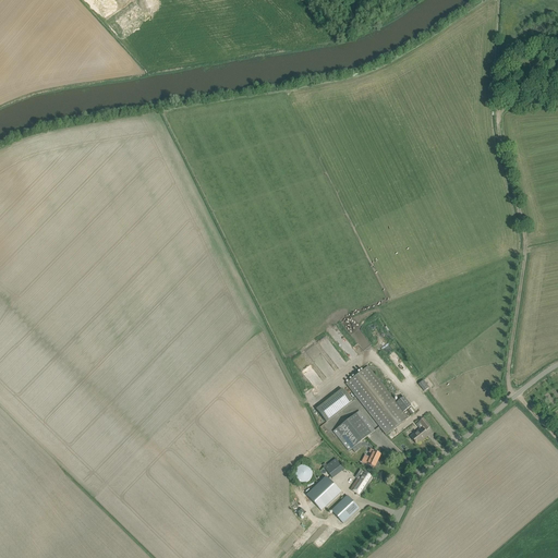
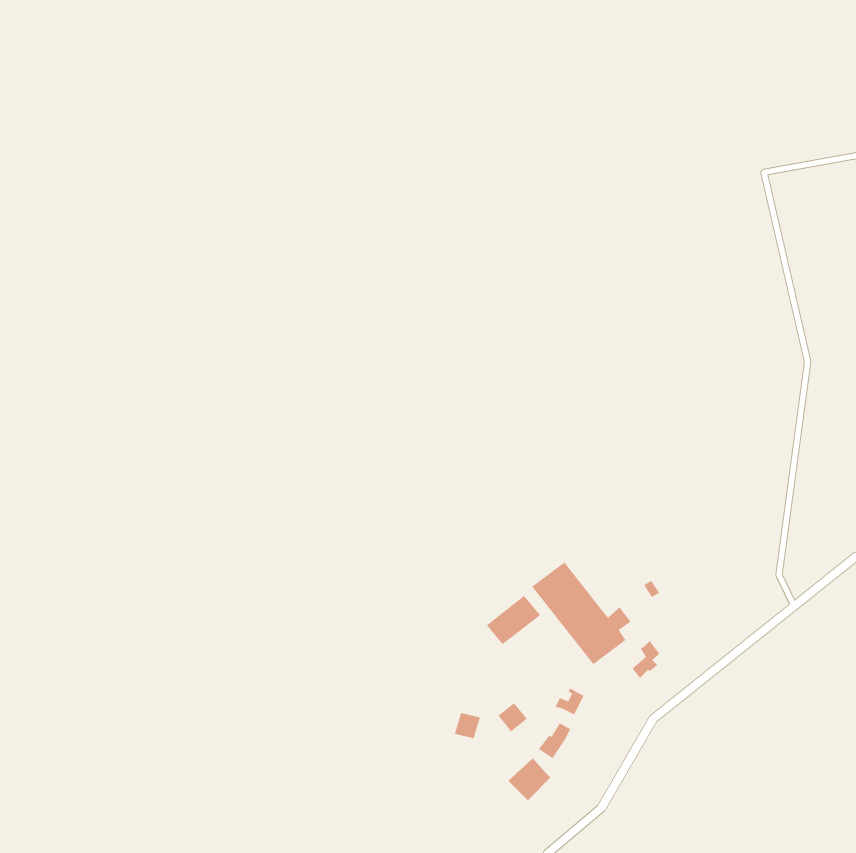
building: [333,411,372,449] -> none
building: [306,474,341,509] -> none

